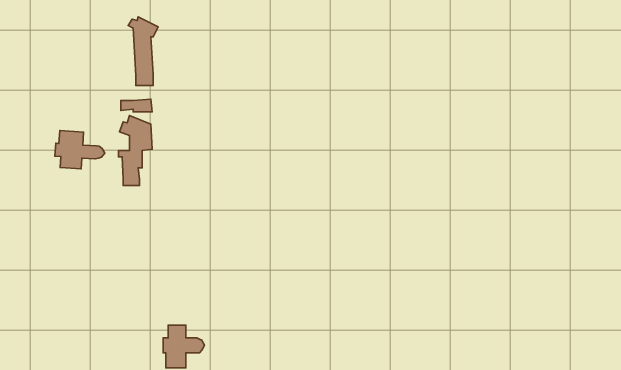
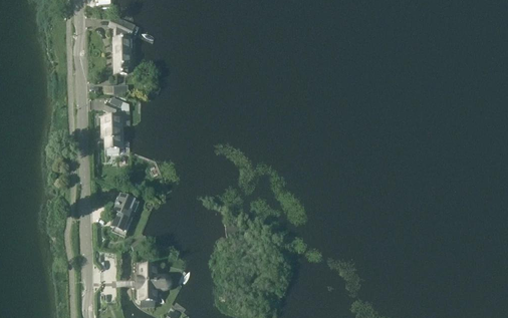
building: [55,130,105,169] -> none
building: none -> [111,195,135,230]

